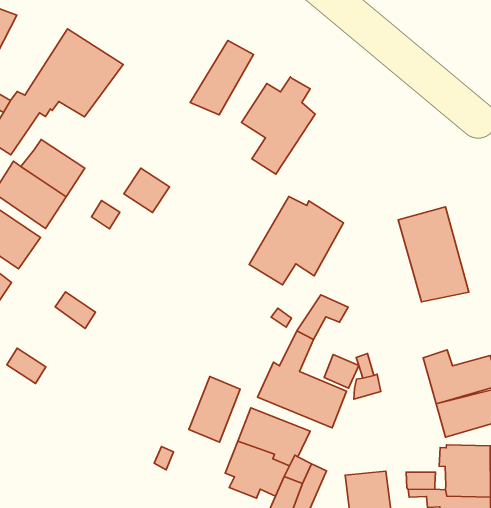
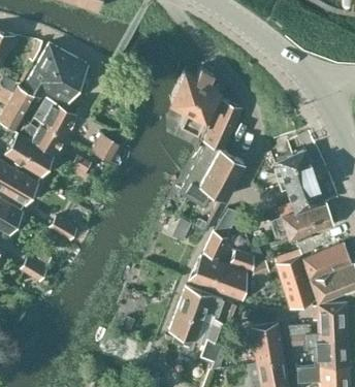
building: [190,41,253,115] -> [198,99,238,149]
building: none -> [33,97,75,135]
building: none -> [269,202,334,238]
building: none -> [271,252,311,308]
building: [189,376,240,442] -> none

